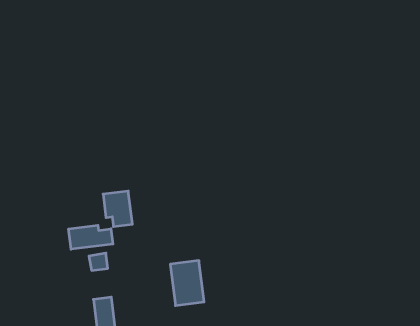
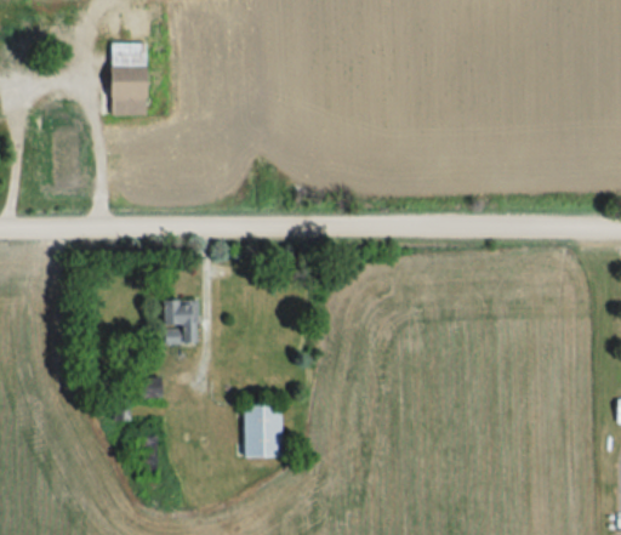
building: none -> [107,41,148,115]
building: [69,225,113,249] -> none

